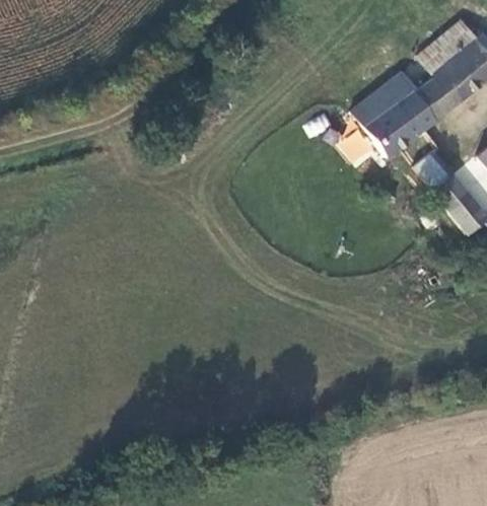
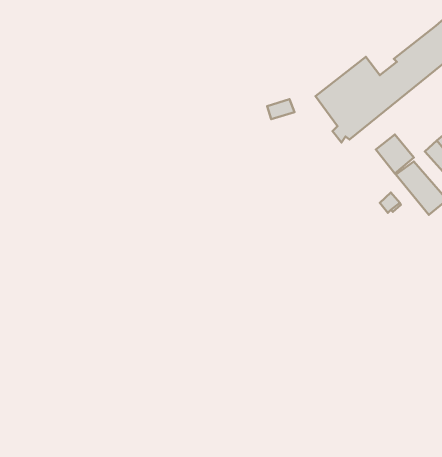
building: [420,22,477,74] -> none

